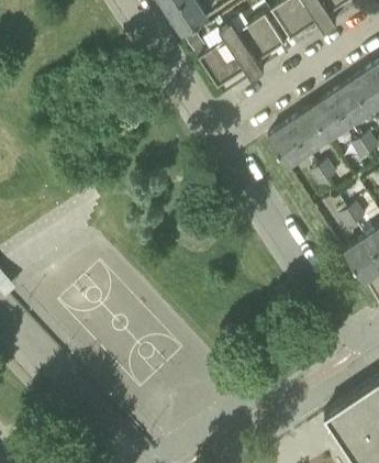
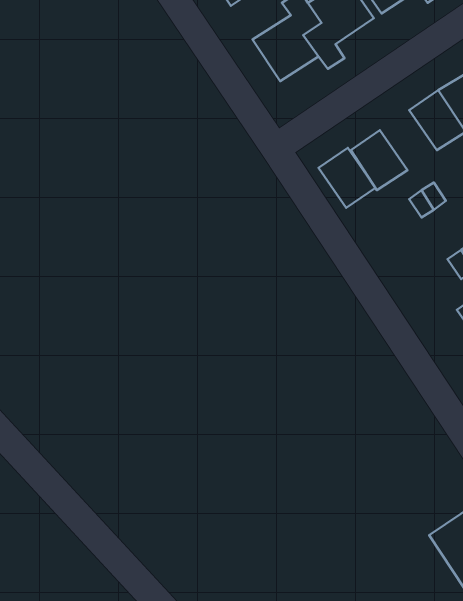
building: [289,111,330,154] -> [319,148,375,208]

